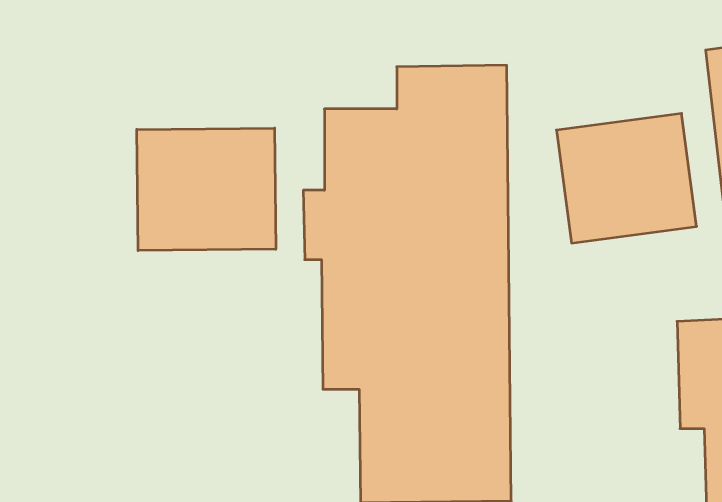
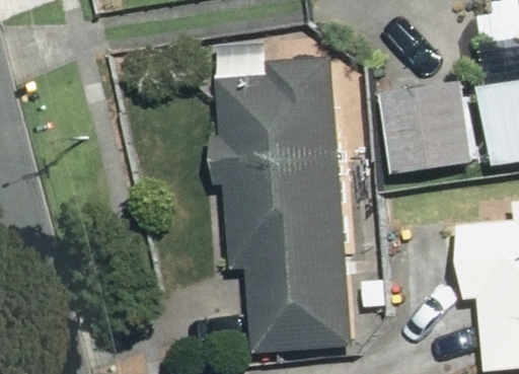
building: [137,128,276,251] -> none

